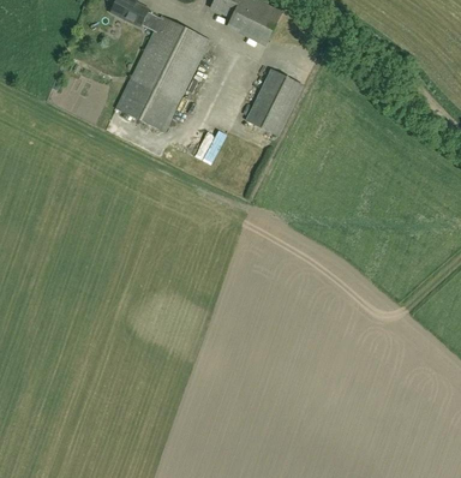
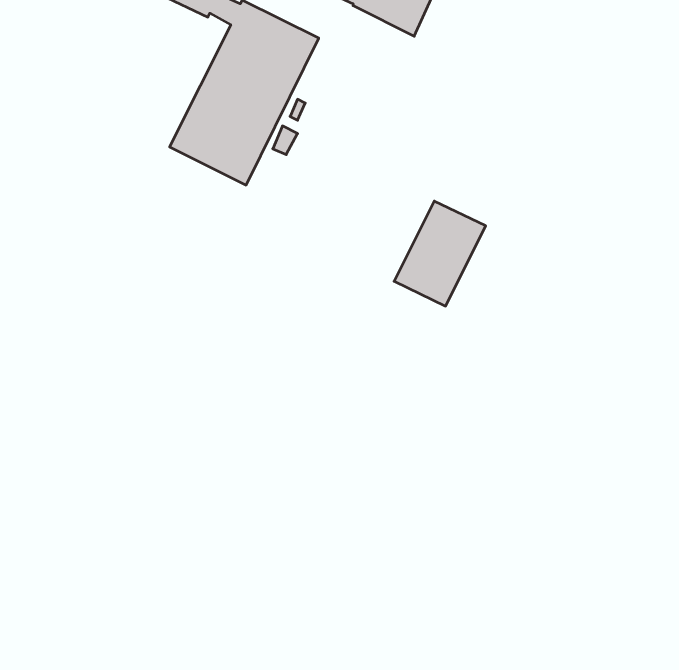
building: [245,68,303,135] -> [394,201,486,306]

